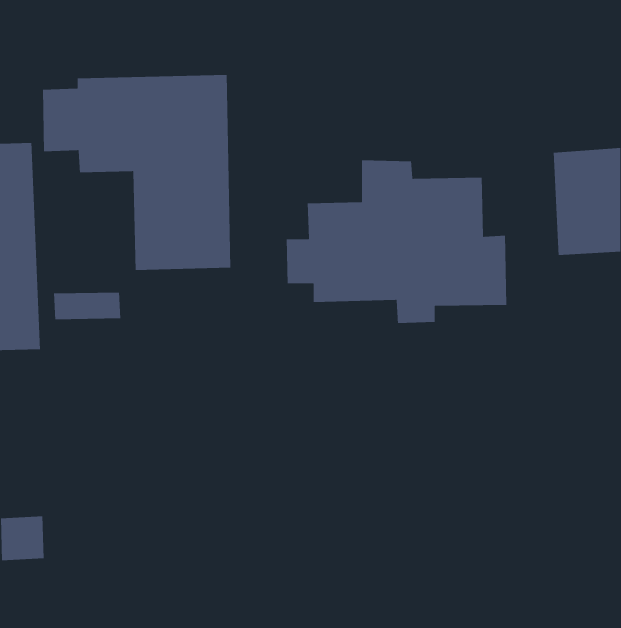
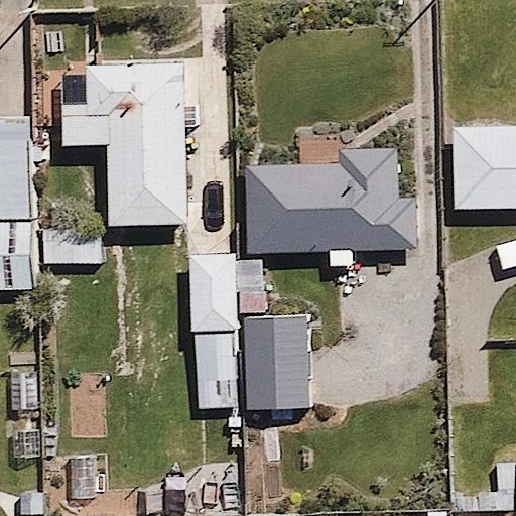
building: none -> [189,254,309,410]

